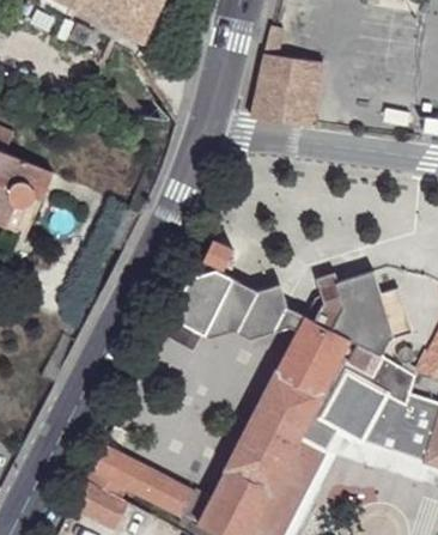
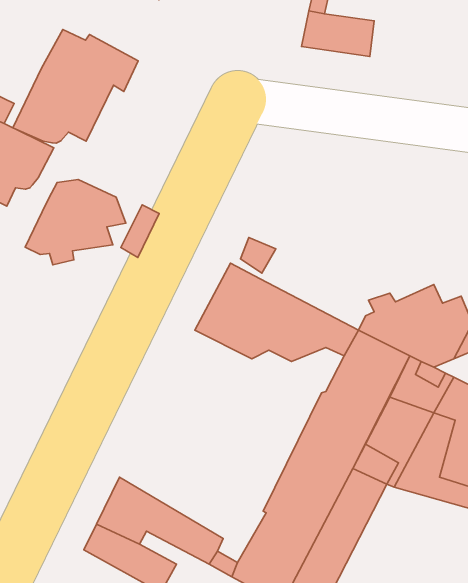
building: none -> [13,29,138,143]
building: [251,84,316,129] -> none
building: none -> [25,179,126,265]

